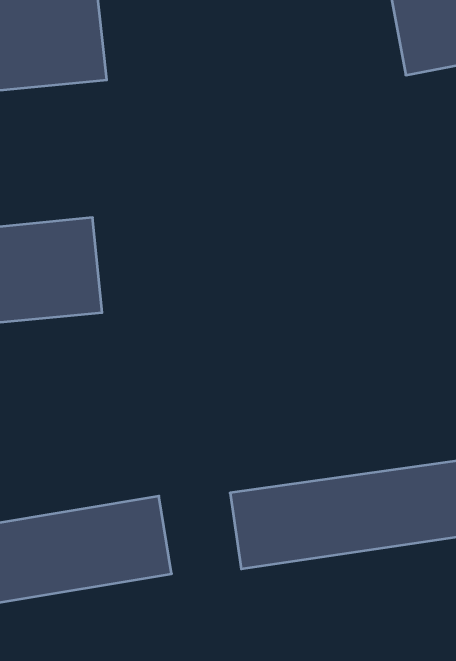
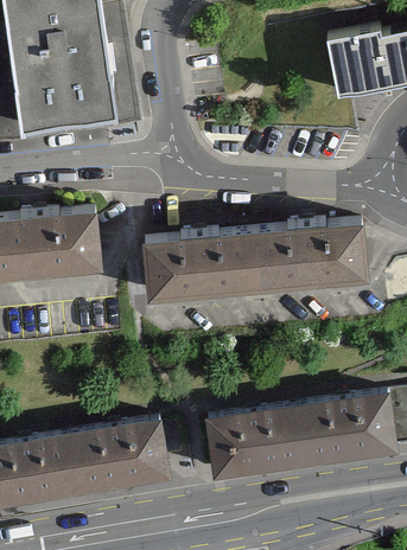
building: none -> [148,228,364,301]

